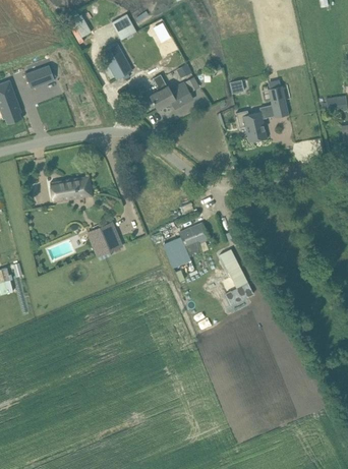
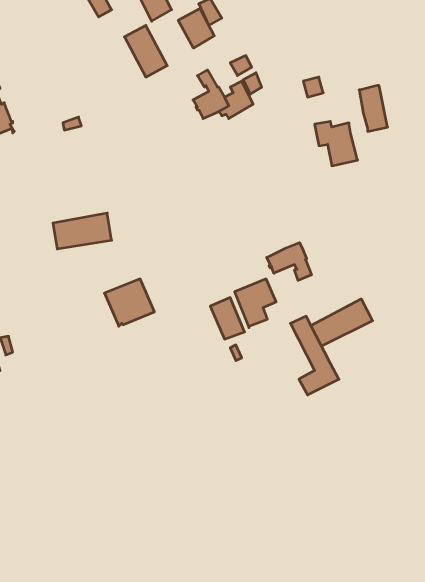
building: none -> [178,9,214,48]
building: [25,65,54,89] -> none
building: none -> [267,243,311,280]
building: none -> [311,299,373,346]

